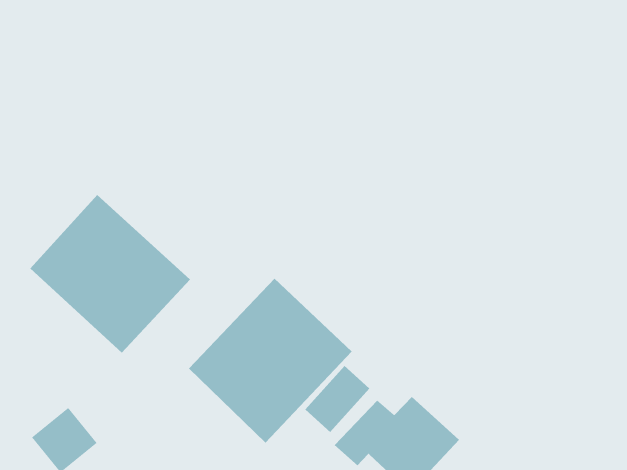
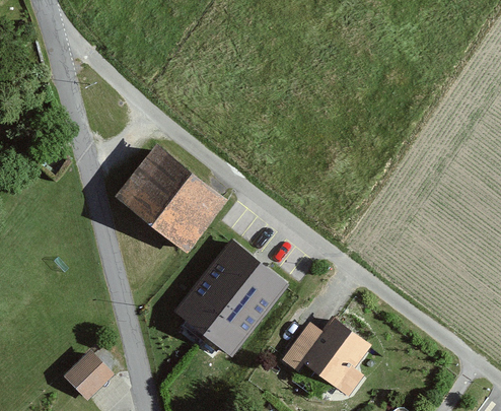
building: [29,194,191,354] -> [113,143,228,255]
building: [304,365,370,433] -> none

